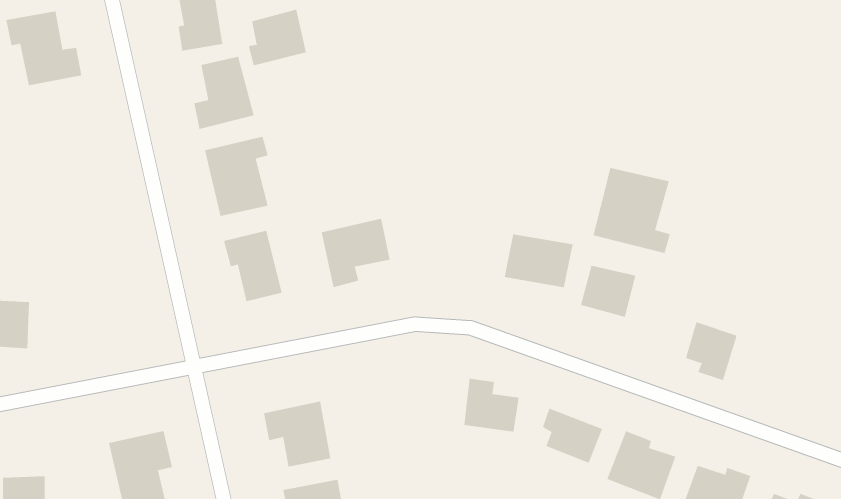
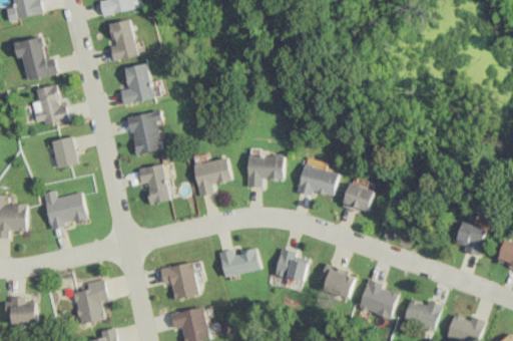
building: [248,9,307,66] -> none
building: none -> [30,84,67,125]
building: [593,167,671,254] -> none
building: none -> [51,137,76,167]
building: none -> [248,154,285,188]
building: none -> [41,191,86,228]
building: [685,322,738,381] -> [456,222,486,256]
building: none -> [219,249,262,278]

